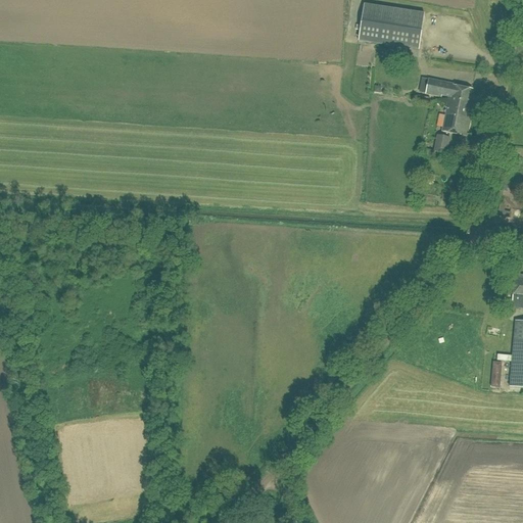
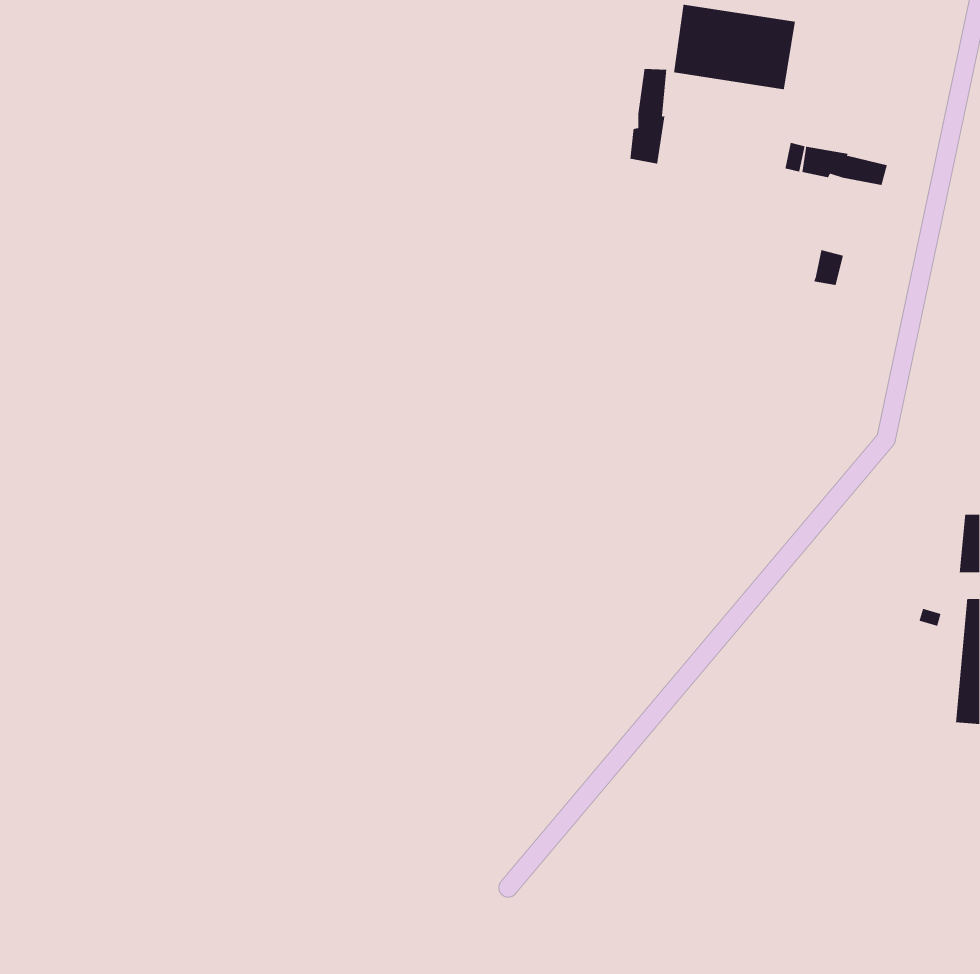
building: none -> [629,68,667,164]
building: [442,95,472,135] -> none

